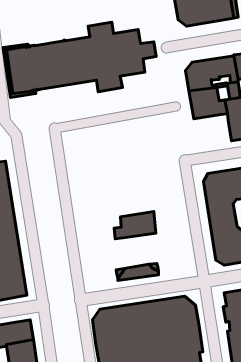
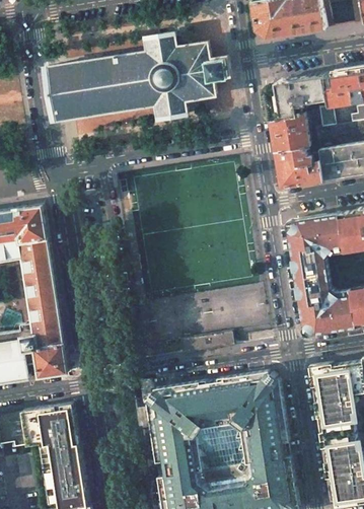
building: none -> [275,149,321,189]
building: [114,212,156,239] -> none

